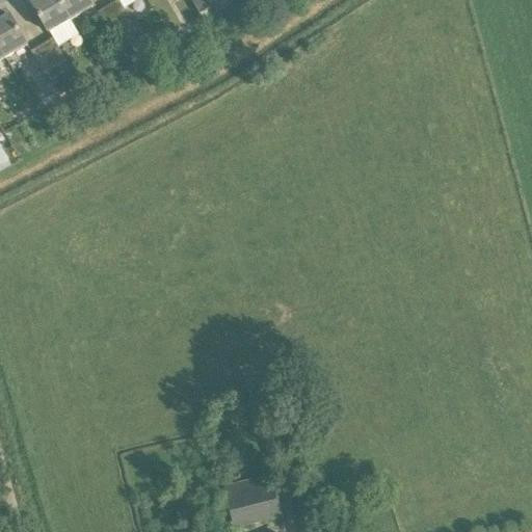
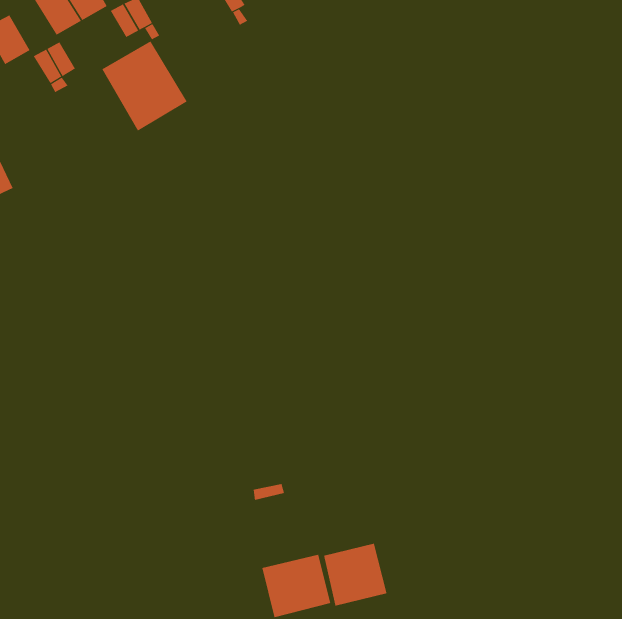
building: none -> [102,41,187,131]
building: none -> [323,543,387,606]

